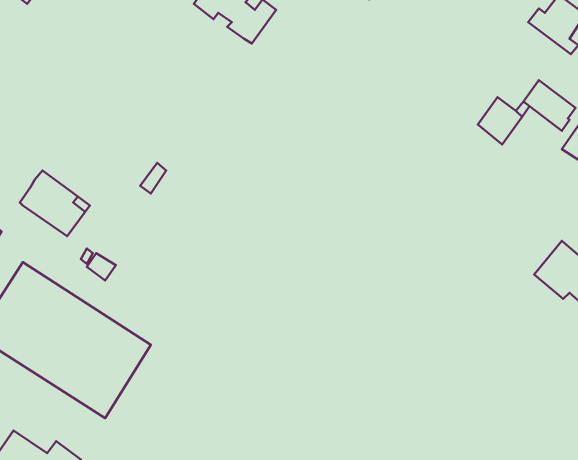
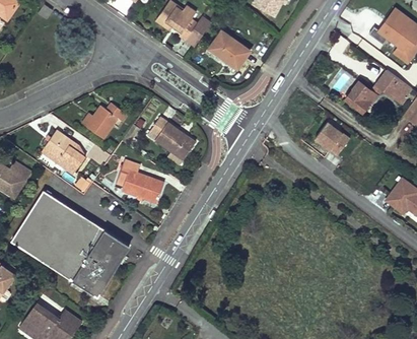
building: none -> [209,31,249,67]
building: none -> [81,103,127,138]
building: none -> [147,117,195,159]
building: none -> [314,121,350,155]
building: none -> [116,160,163,202]

